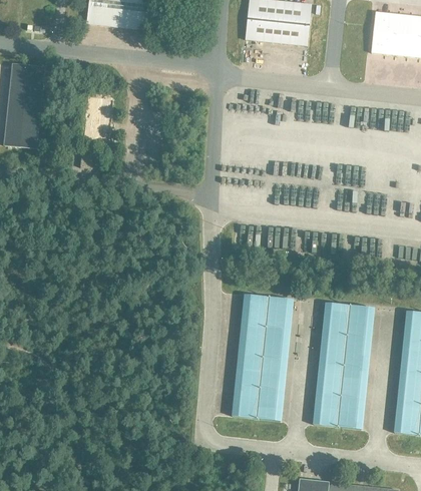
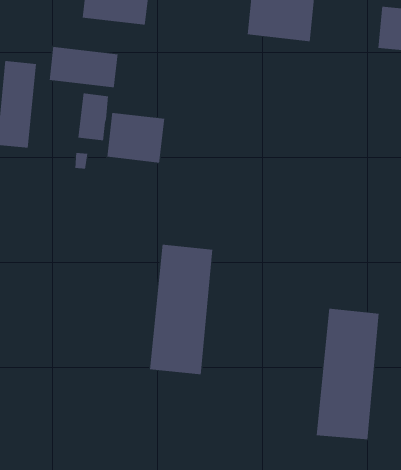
building: none -> [49,46,118,88]
building: none -> [107,112,165,163]
building: [232,294,293,419] -> [149,244,213,375]

